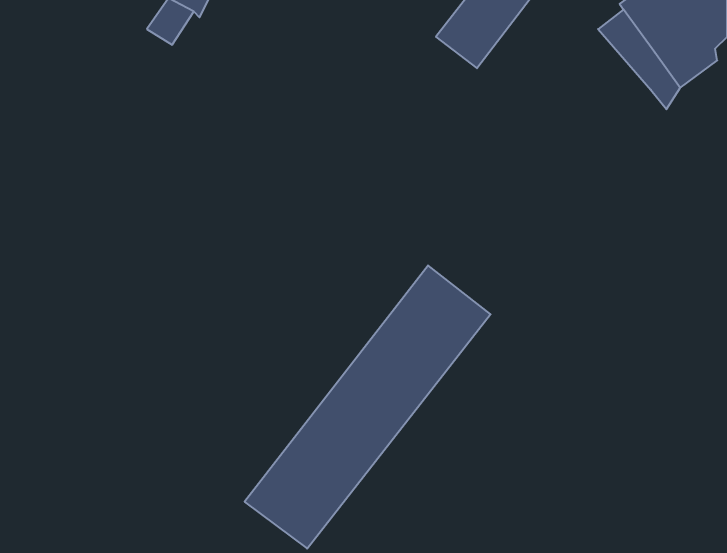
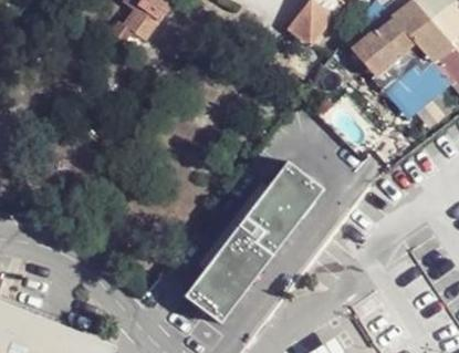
building: none -> [355,27,413,94]

